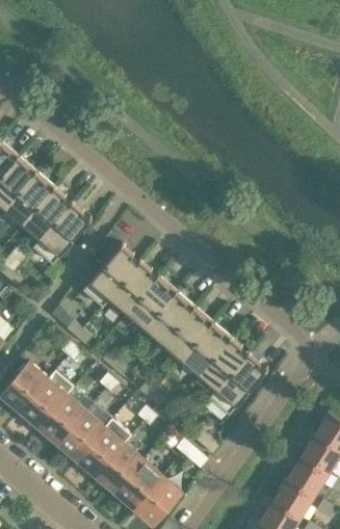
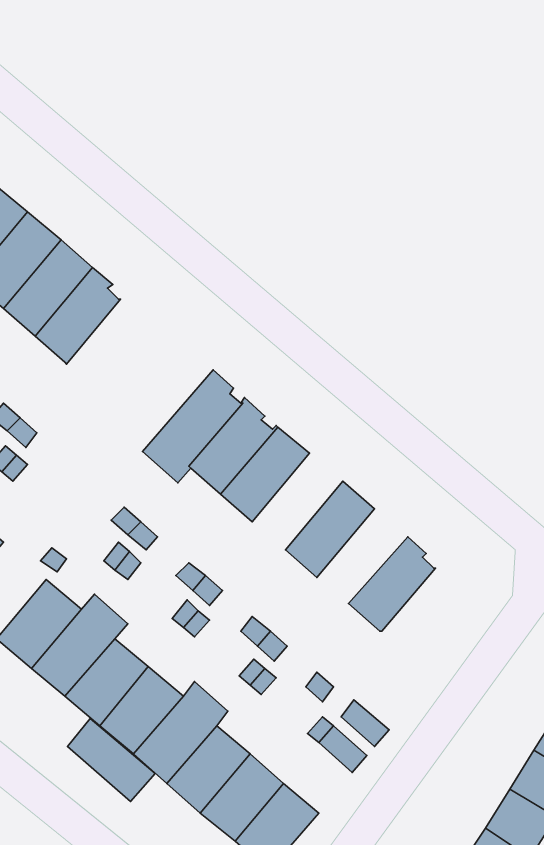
building: [31,202,90,265] -> none
building: [142,291,193,345] -> none
building: [179,322,230,375] -> none
building: [208,352,266,415] -> none
building: none -> [67,719,155,801]

